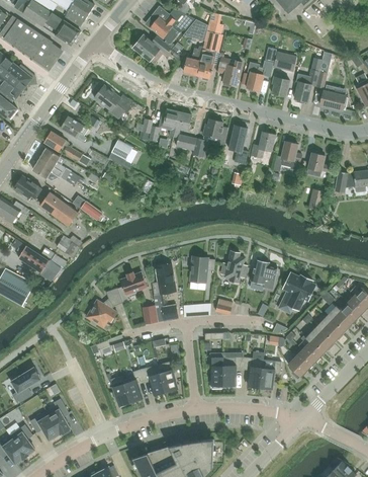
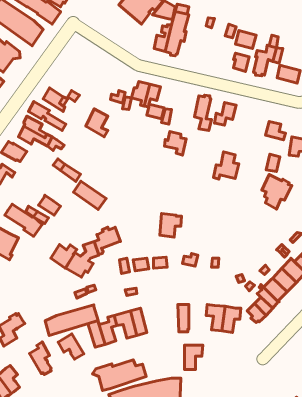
building: [133,35,171,62] -> none
building: [217,54,242,87] -> none
building: [247,61,273,91] -> none
building: [94,86,134,118] -> none
building: [203,120,227,146] -> [164,131,186,155]
building: [273,142,301,172] -> [213,152,239,179]
building: [41,193,78,225] -> [73,181,106,209]
building: [220,251,247,283] -> none
building: [250,260,277,284] -> none
building: [152,263,176,296] -> none
building: [282,272,315,311] -> [262,175,292,209]
building: none -> [51,245,77,268]
building: [222,357,243,385] -> [184,345,203,370]
building: none -> [45,305,98,335]
building: [30,412,59,441] -> [58,334,84,359]
building: none -> [92,360,146,391]

